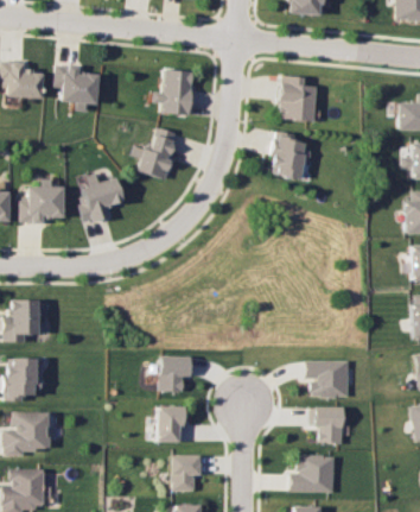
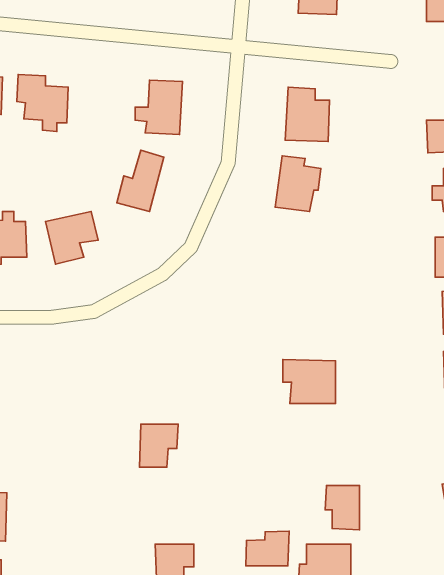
building: [304,360,348,397] -> [283,359,336,404]
building: [157,405,185,442] -> none
building: none -> [246,531,289,566]

